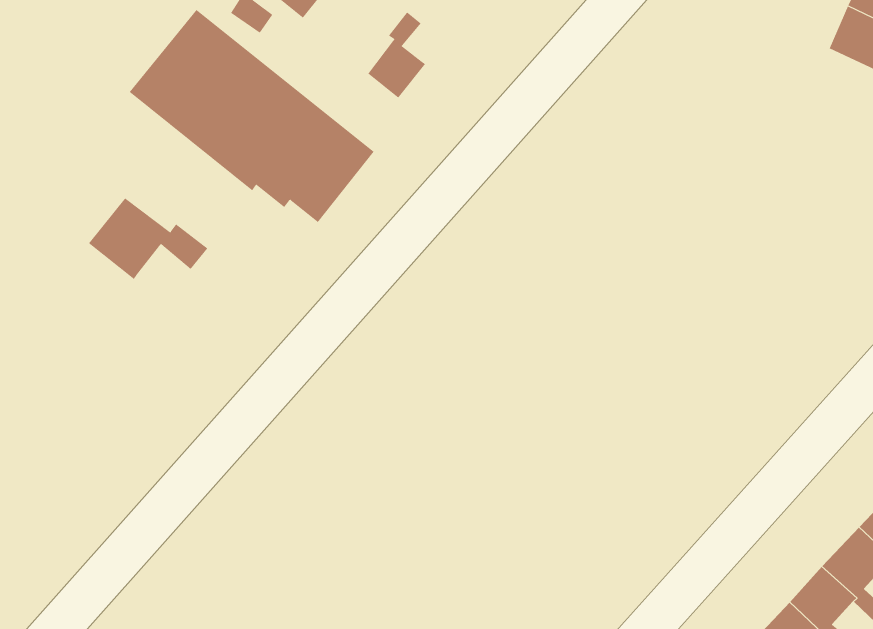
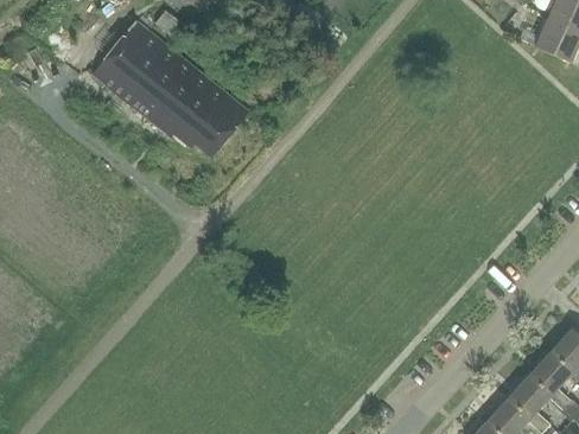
building: [367,12,426,98] -> none
building: [88,197,208,280] -> none

